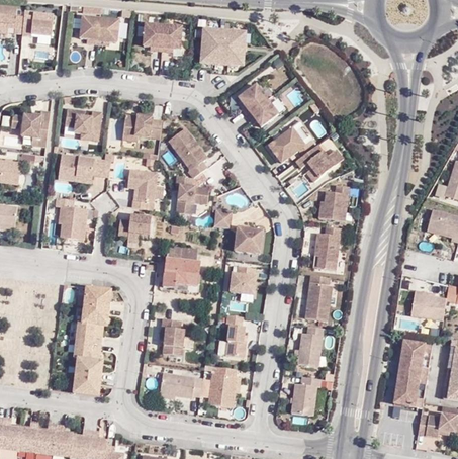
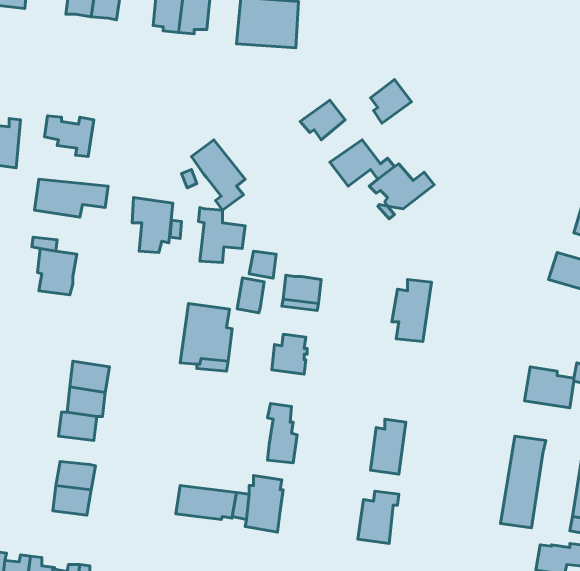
building: [240,83,269,114] -> [371,79,412,123]
building: [122,113,161,139] -> none
building: [317,186,349,222] -> none
building: [117,215,151,244] -> none
building: none -> [237,278,264,313]
building: [305,276,333,322] -> none
building: [160,318,183,358] -> none
building: [73,340,100,360] -> none

